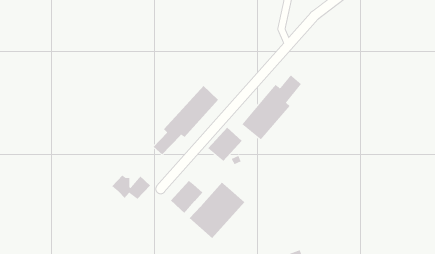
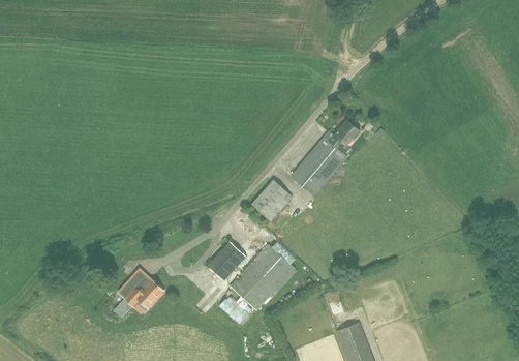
building: [153,85,219,155] -> none
building: [112,175,151,200] -> [118,277,163,306]

